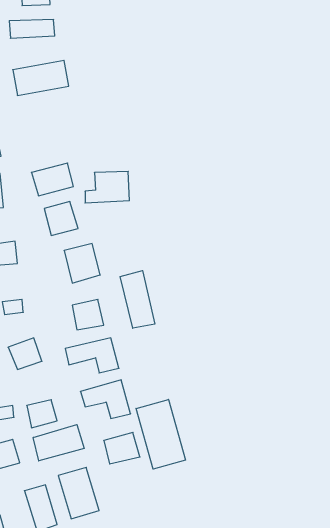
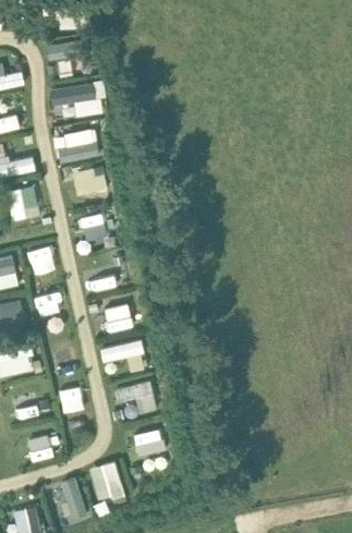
building: [85,171,129,203] -> [57,130,98,159]
building: [120,271,155,328] -> none
building: [136,399,185,469] -> none
building: [33,425,84,461] -> none

